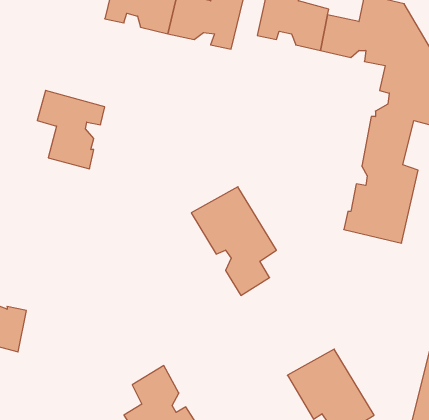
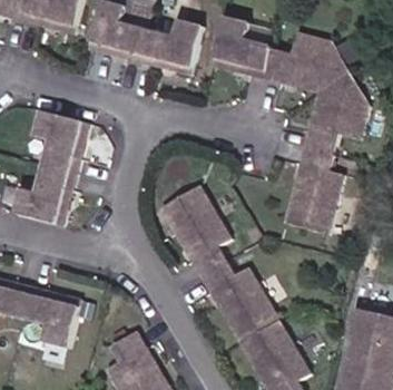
building: none -> [13,164,77,224]
building: none -> [199,261,275,340]
building: none -> [19,287,79,350]

